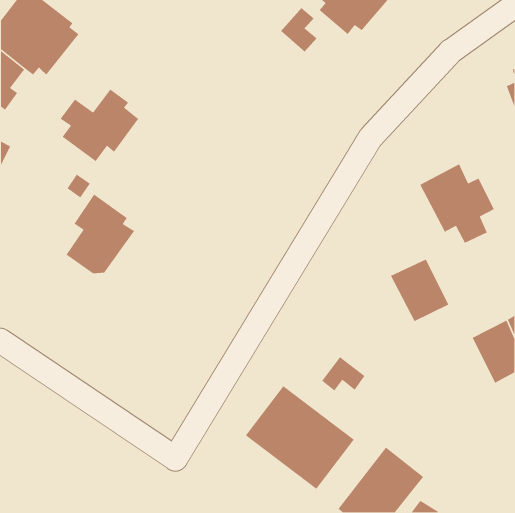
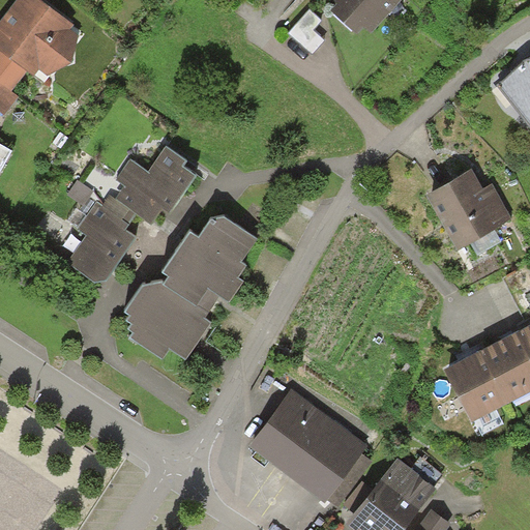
building: [60,88,139,162] -> [114,147,196,223]
building: none -> [124,218,256,359]
building: [390,259,449,322] -> [447,347,508,412]
building: [321,356,365,391] -> none

